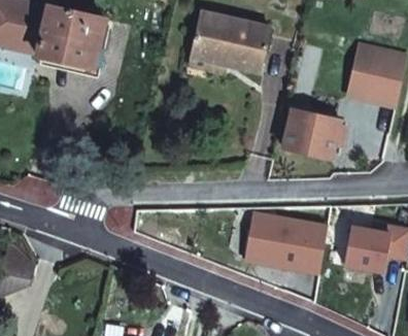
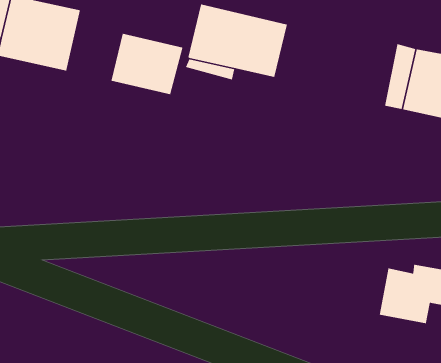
building: none -> [111,33,183,95]
building: [283,110,347,158] -> none
building: [242,211,326,272] -> none

